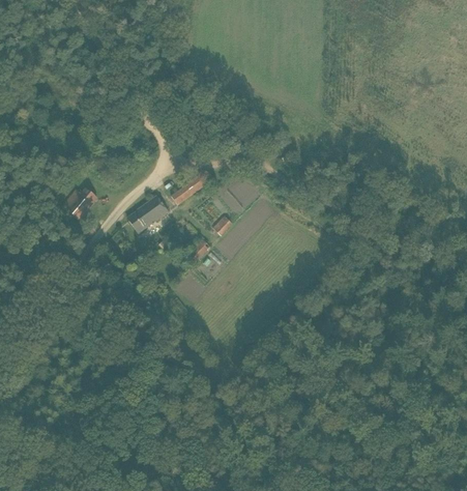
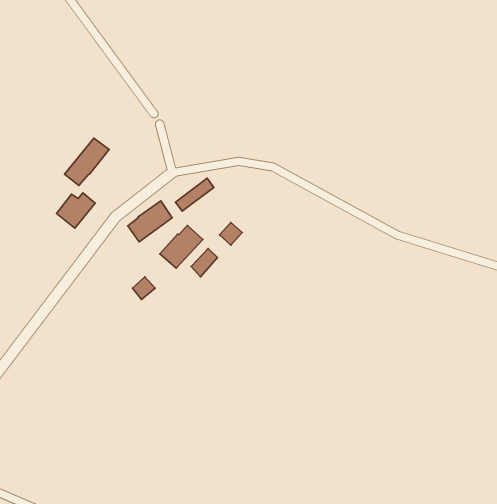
building: none -> [65,138,109,185]
building: none -> [160,226,203,268]

